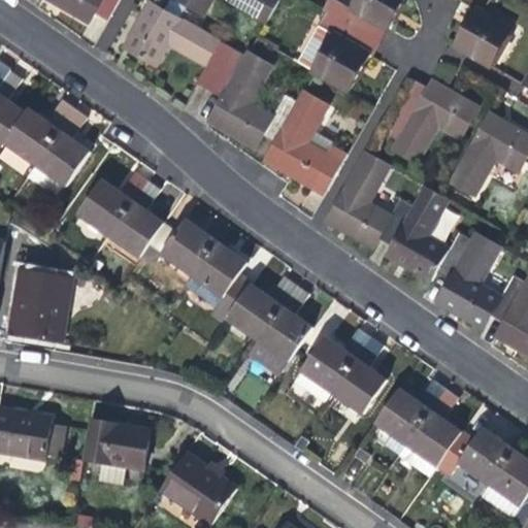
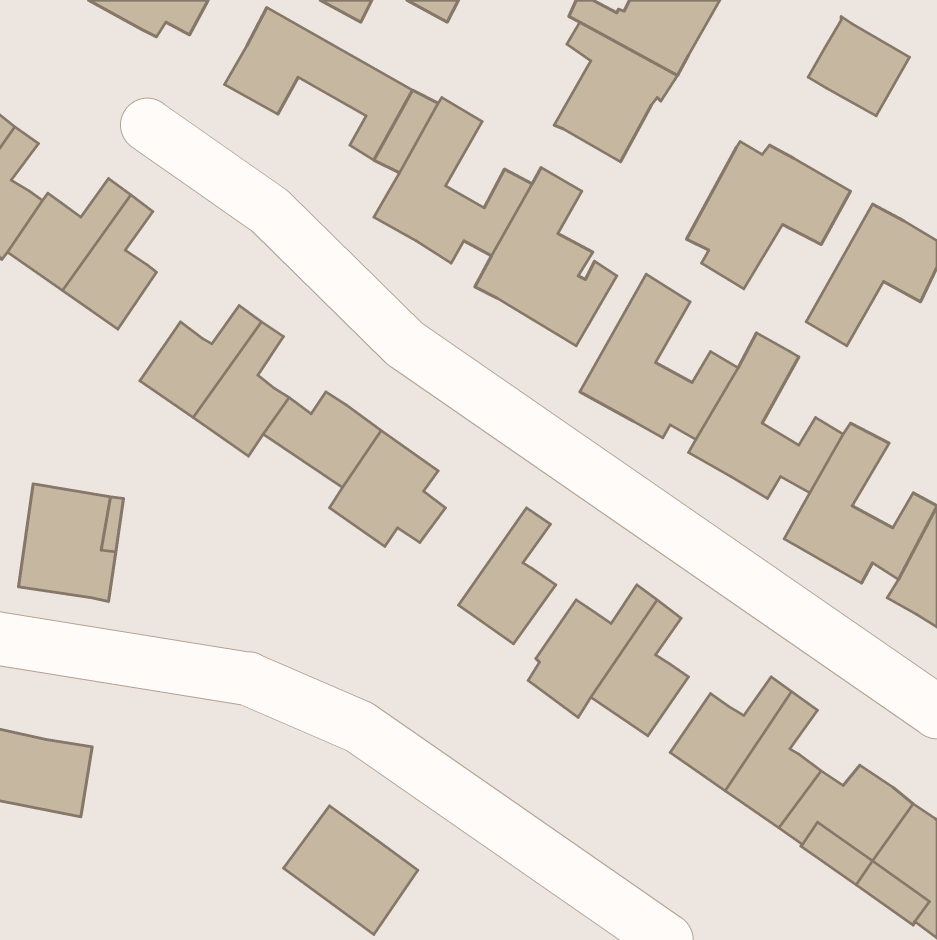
building: [226,276,295,339] -> none
building: [84,420,151,467] -> none

